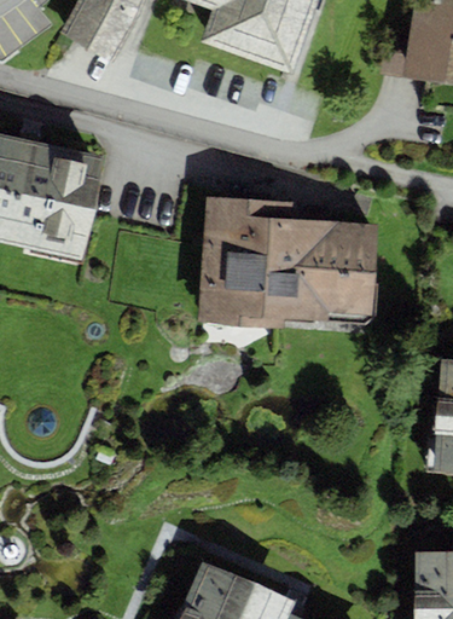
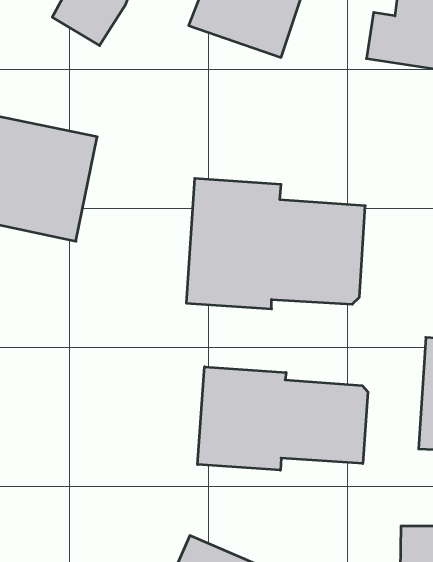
building: none -> [198,367,368,470]

